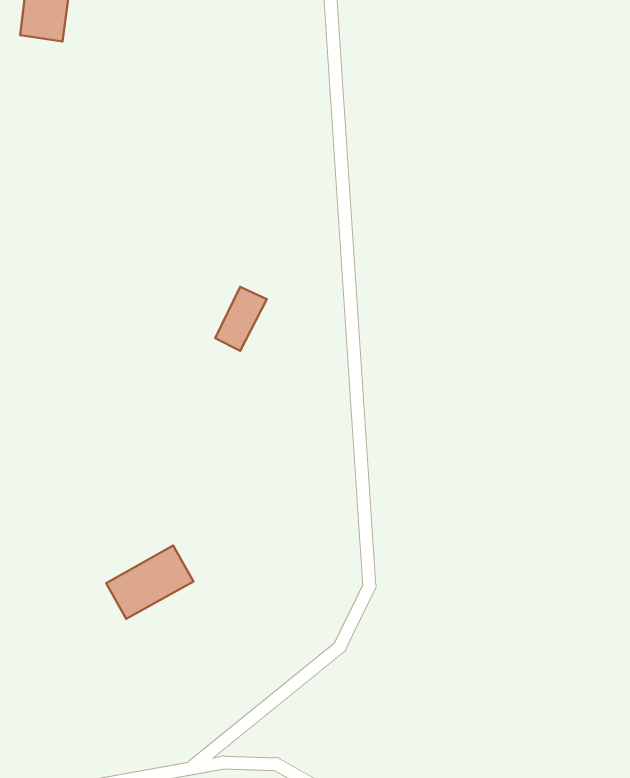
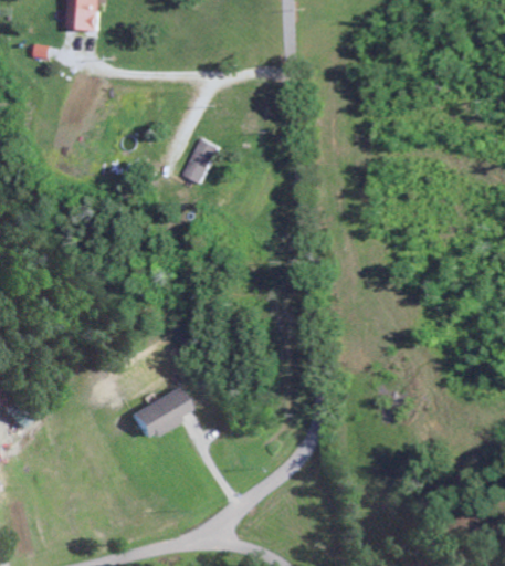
building: [215,287,267,351] -> [183,139,220,185]

